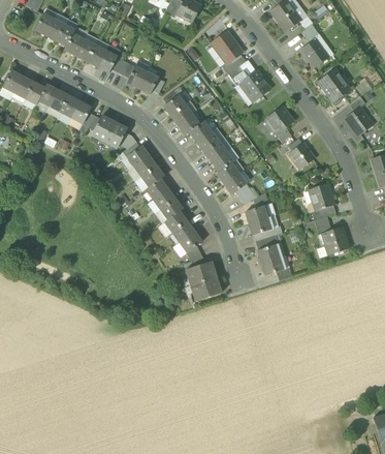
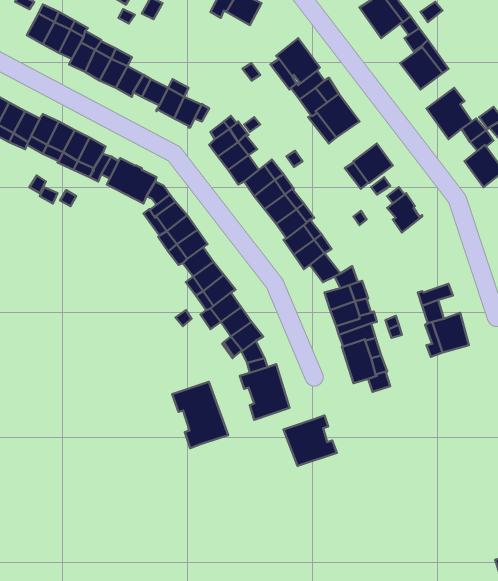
building: [308,182,333,210] -> none
building: none -> [172,382,228,448]
building: none -> [284,416,337,466]

